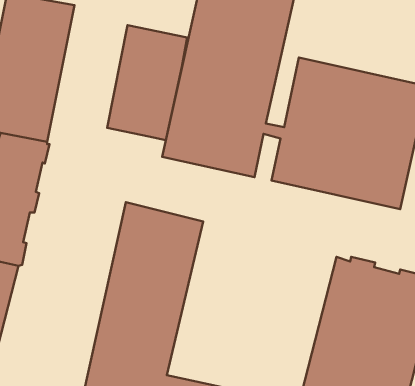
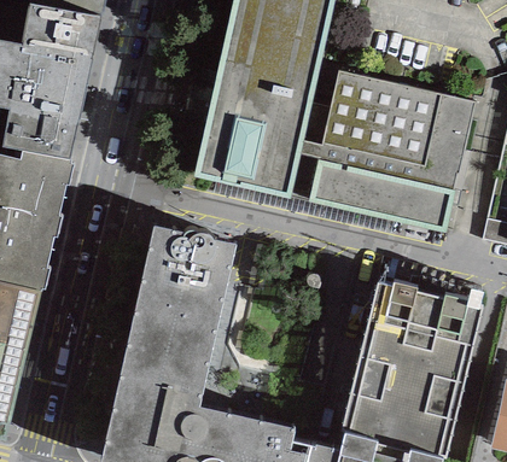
building: [107,25,187,140] -> none

